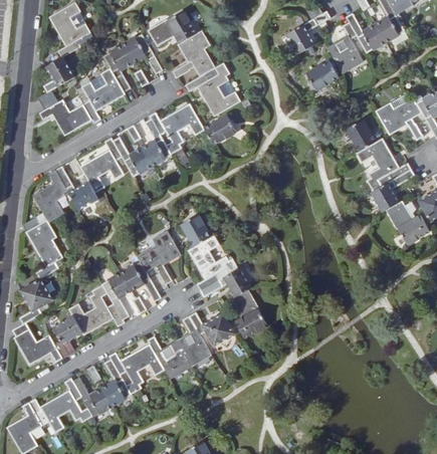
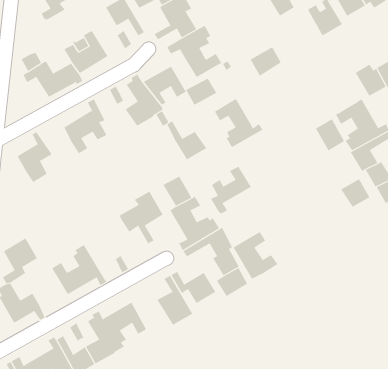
building: [103,44,134,91] -> none
building: [43,56,74,91] -> none
building: [306,60,339,90] -> [250,47,281,76]
building: [347,118,377,151] -> [315,118,345,151]
building: none -> [214,98,263,148]
building: [114,137,155,177] -> [167,120,207,160]
building: [53,165,98,210] -> none
building: none -> [210,166,251,215]
building: [22,213,63,279] -> none
building: none -> [341,178,370,207]
building: [101,261,162,319] -> none
building: none -> [233,231,278,279]
building: [53,315,82,359] -> none
building: [148,335,191,379] -> none

